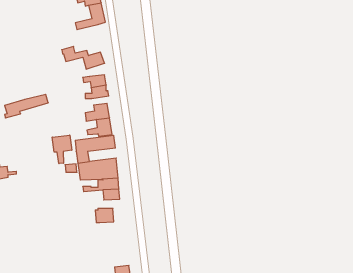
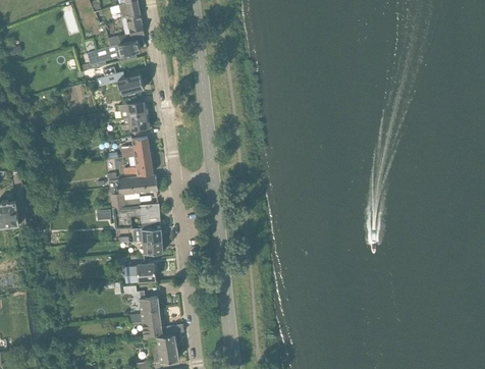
building: [5,94,48,118] -> [87,41,140,69]
building: [52,135,72,164] -> none
building: none -> [129,297,184,336]

